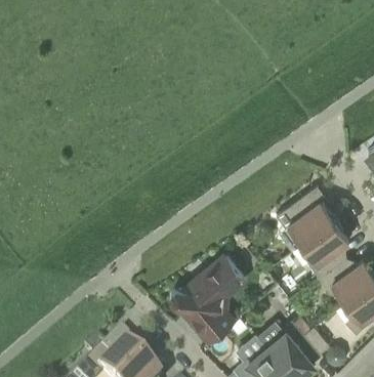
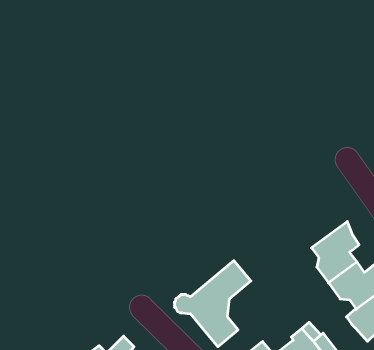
building: [276,185,337,244] -> none

